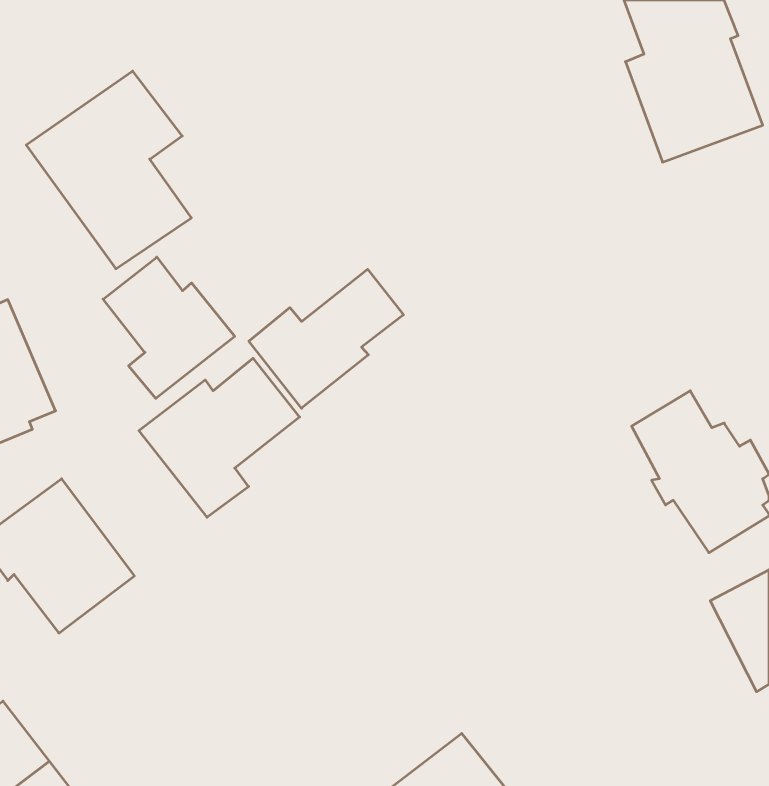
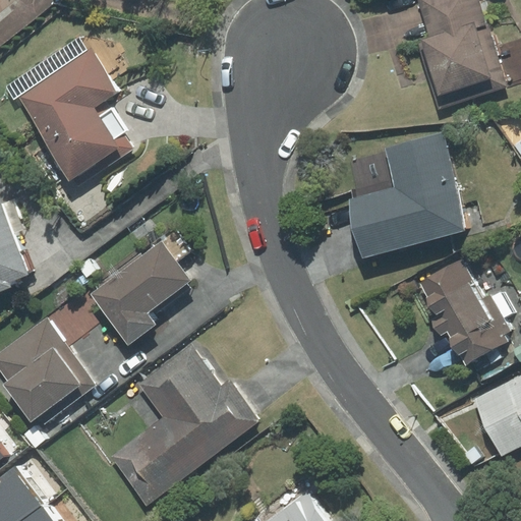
building: none -> [351,131,470,258]
building: [103,257,235,398] -> none
building: [249,269,403,408] -> none
building: none -> [108,345,260,506]

